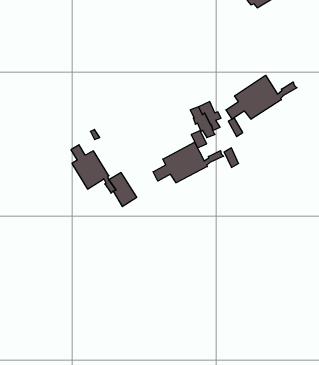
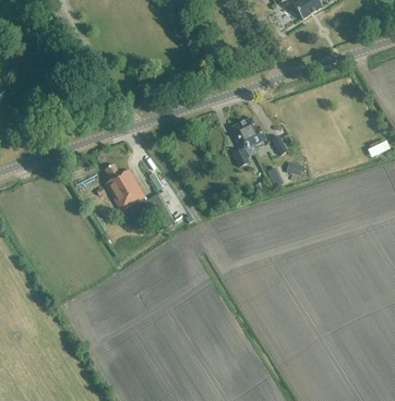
building: [226,75,297,119] -> none
building: [153,142,224,183] -> none

